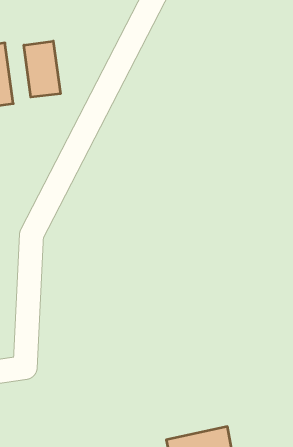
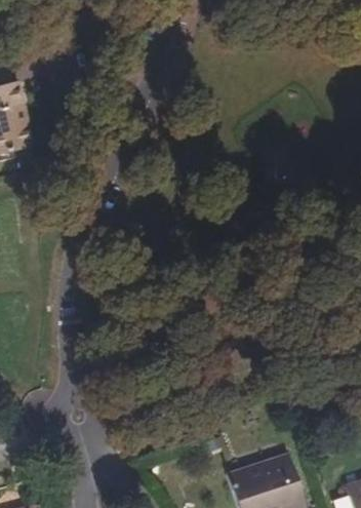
building: [24,41,60,97] -> none

